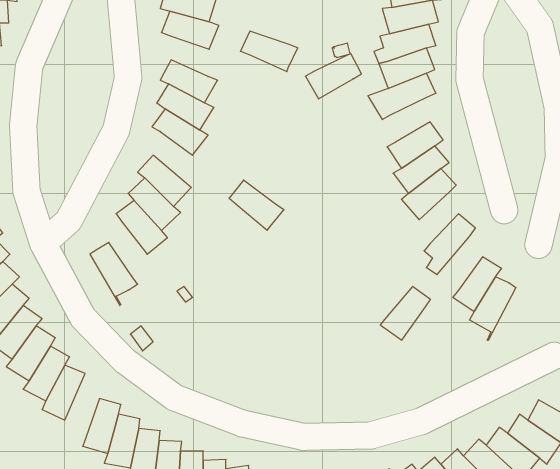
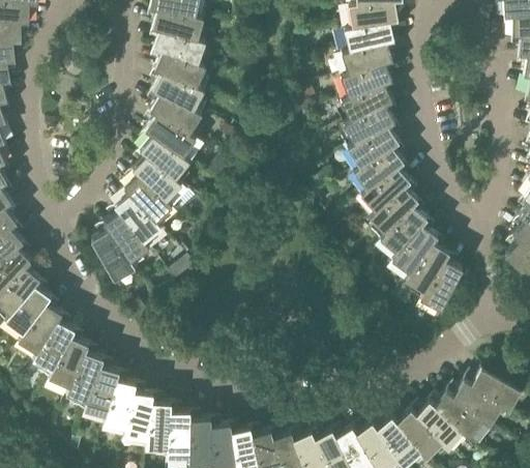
building: [240,31,298,72] -> [154,55,204,90]
building: [305,54,361,99] -> [346,108,394,147]
building: [229,180,284,230] -> [141,138,188,181]
building: none -> [372,191,417,235]
building: none -> [105,216,147,263]
building: [380,287,430,340] -> [393,229,437,275]
building: none -> [67,355,104,403]

